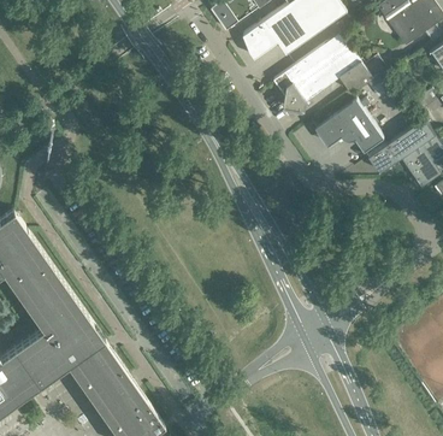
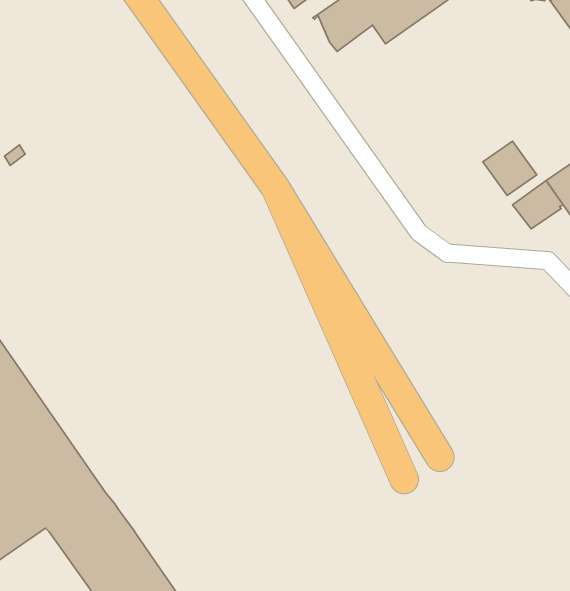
building: [273,34,386,113] -> none
building: [315,100,368,146] -> none

